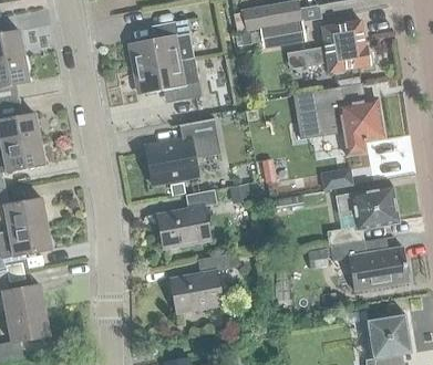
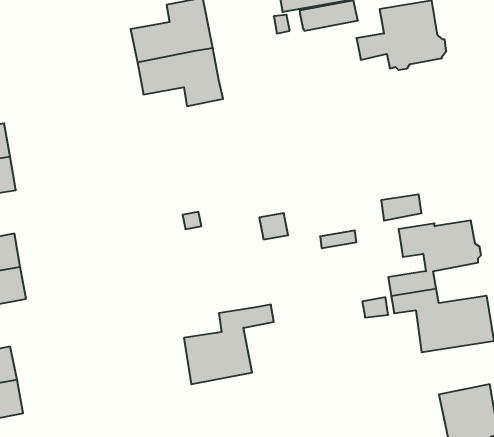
building: [292,84,382,157] -> none
building: [144,118,220,185] -> none
building: [158,190,215,249] -> none

